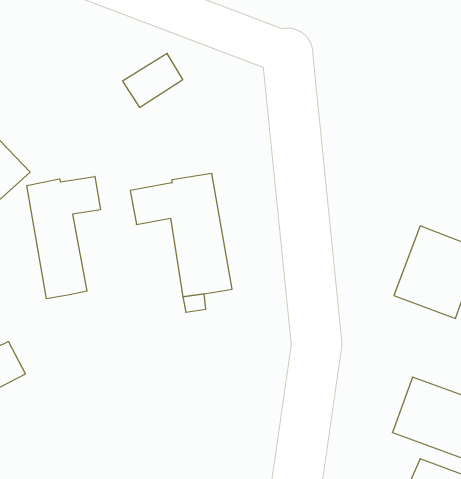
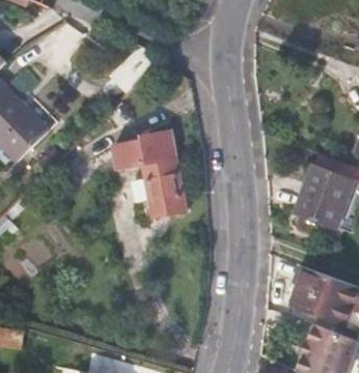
building: [27,176,100,299] -> none

